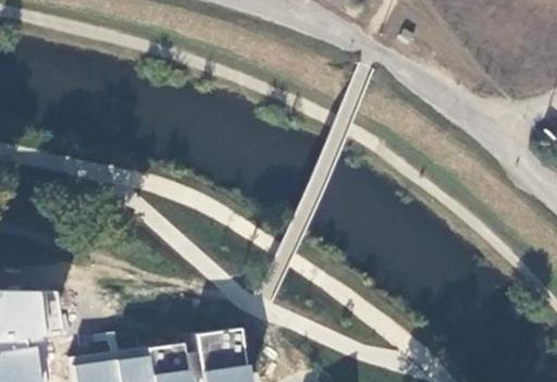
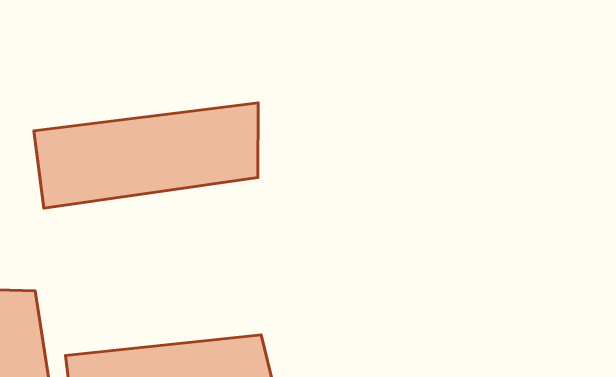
building: none -> [34,103,258,208]

